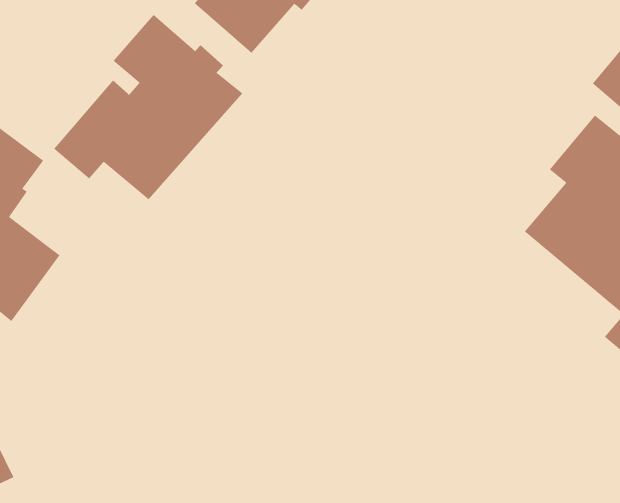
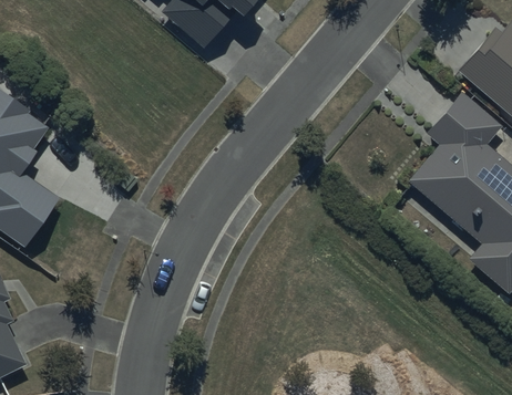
building: [53,14,243,200] -> none

